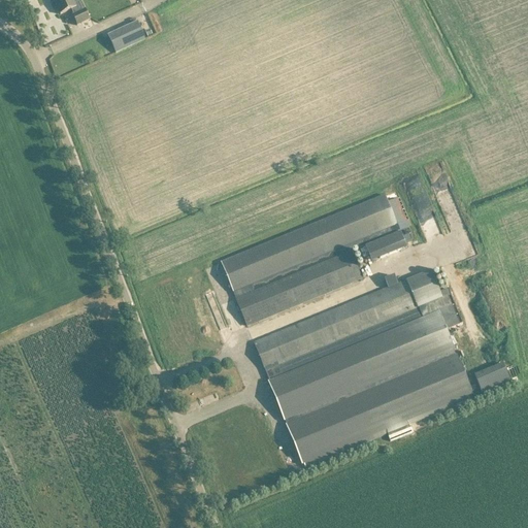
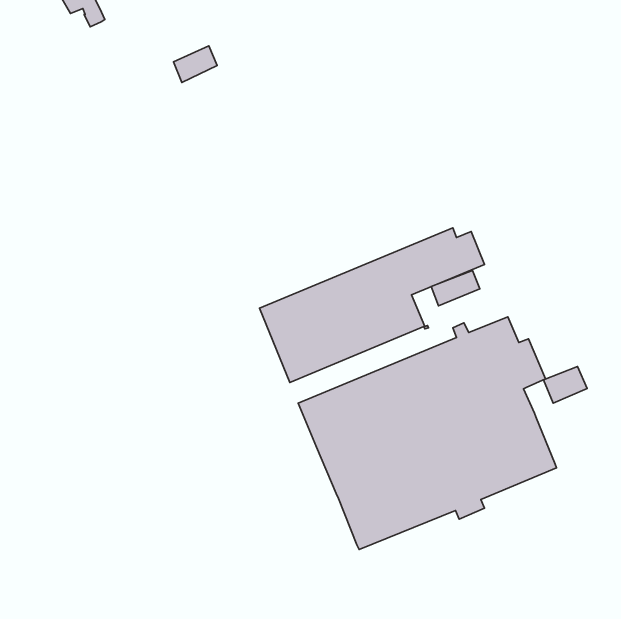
building: [107,20,144,51] -> [173,46,217,82]
building: [473,362,510,393] -> [543,366,587,403]

